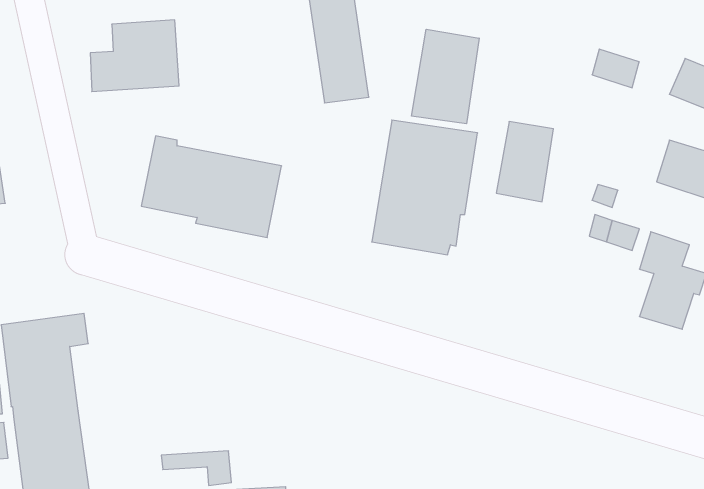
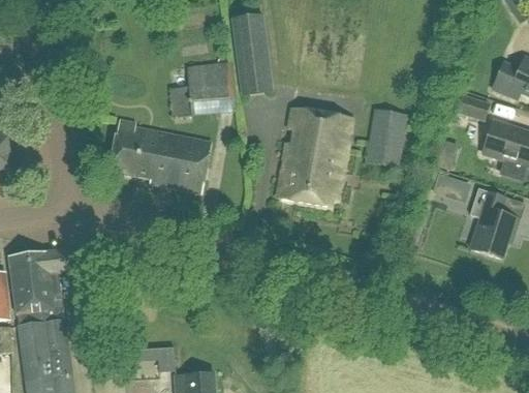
building: [90,20,179,92] -> [172,63,236,115]
building: [412,29,479,124] -> none
building: [592,49,639,88] -> [456,93,490,121]

